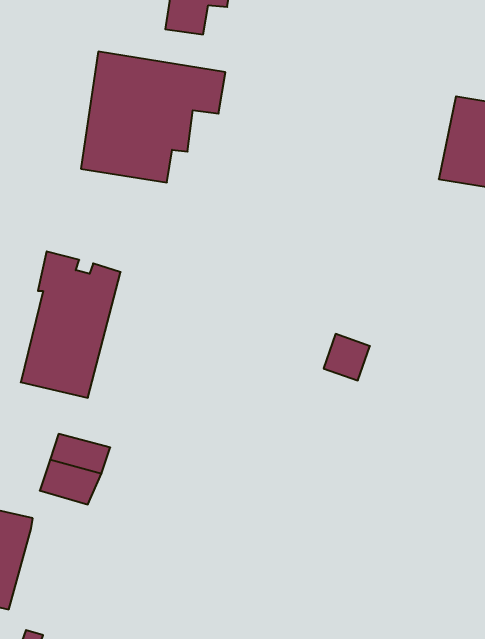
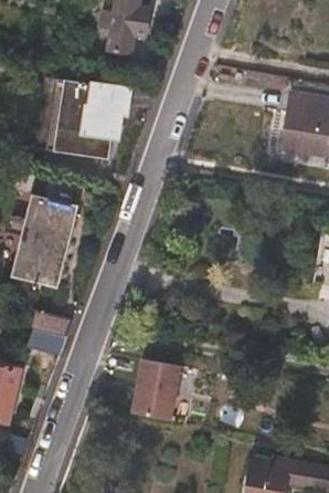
building: none -> [129,347,184,411]

